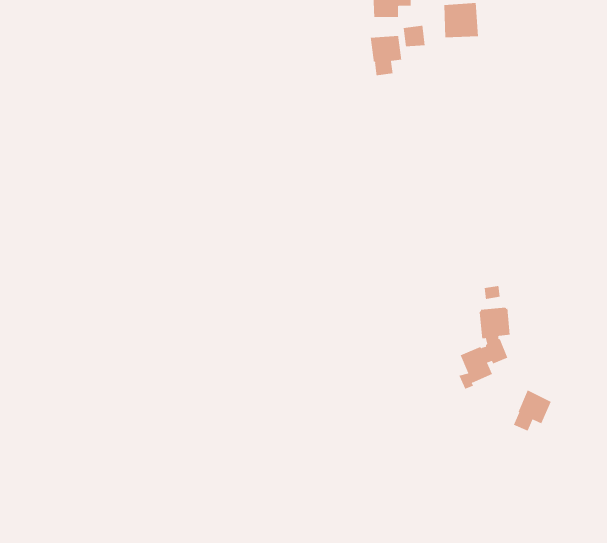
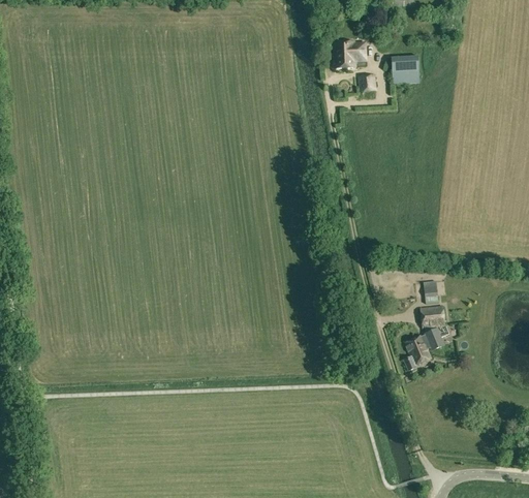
building: [370,35,402,76] -> none
building: [513,390,551,432] -> none

